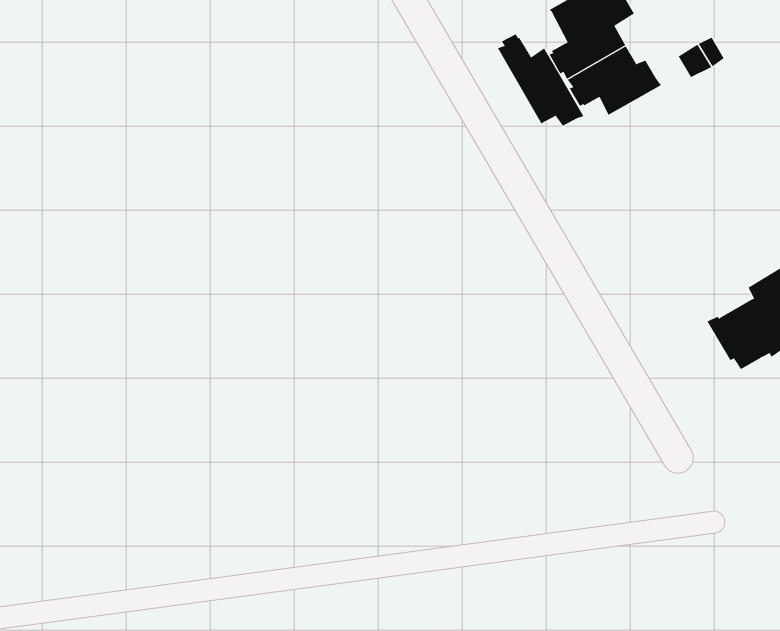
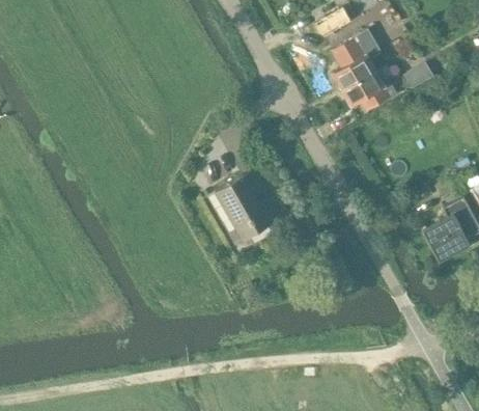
building: [497,33,584,127] -> none
building: none -> [214,168,282,240]

